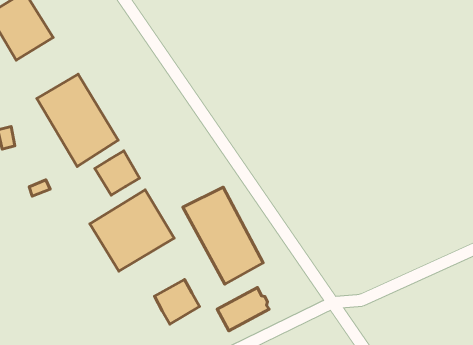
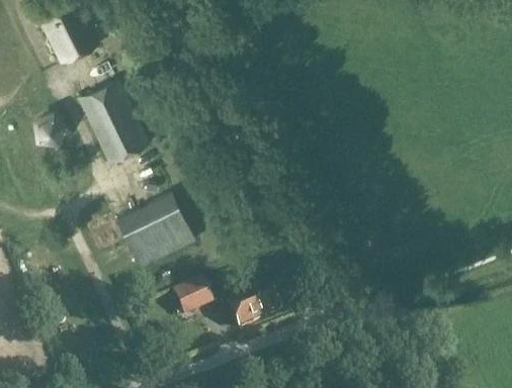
building: [95,151,140,195] -> none
building: [183,187,263,284] -> none

